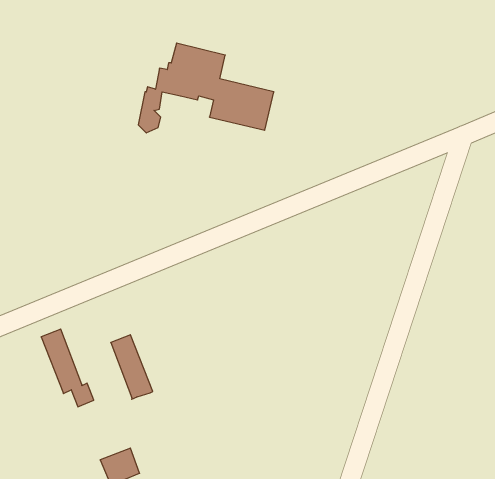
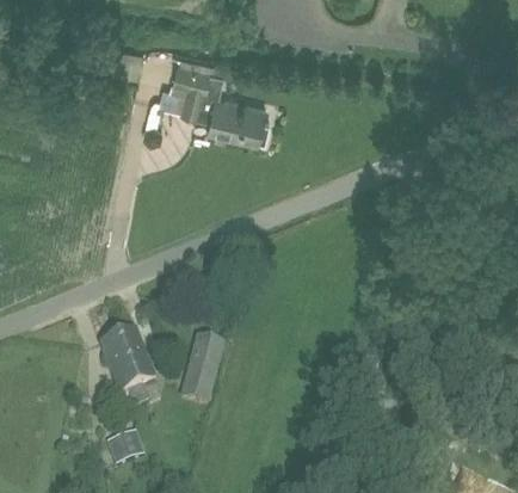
building: [41,329,94,407] -> [98,332,146,402]
building: none -> [185,335,223,399]

